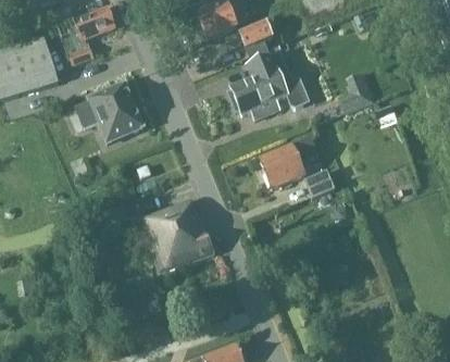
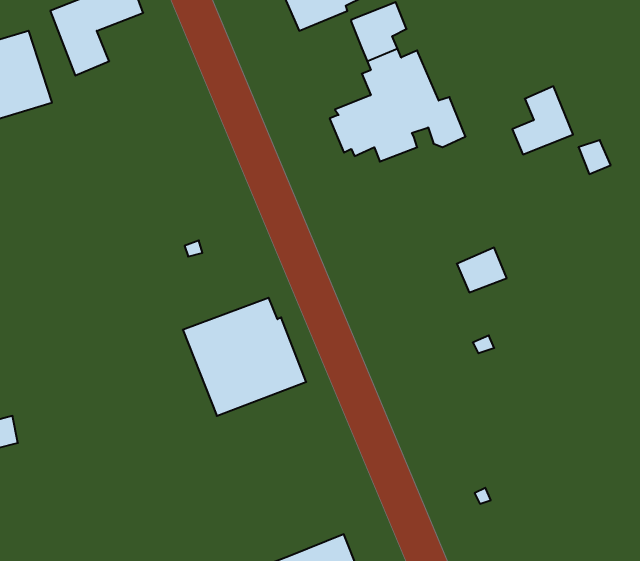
building: [87,83,142,143] -> none
building: [259,138,318,188] -> none

